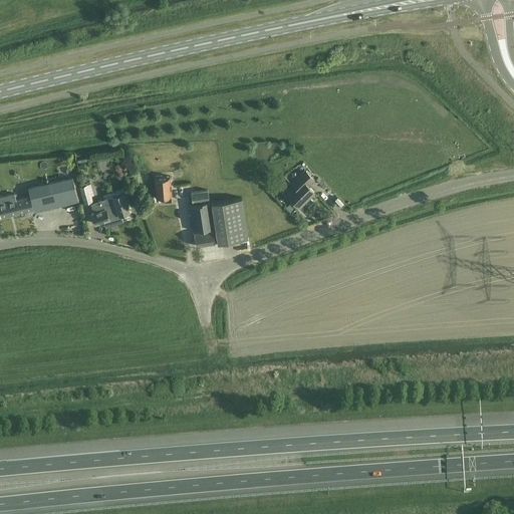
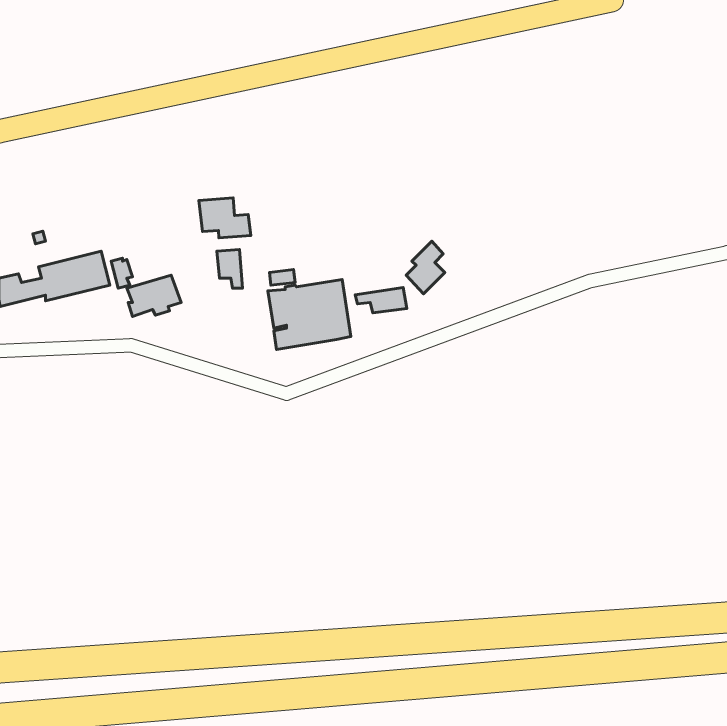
building: none -> [199,198,251,238]
building: none -> [355,288,407,313]

